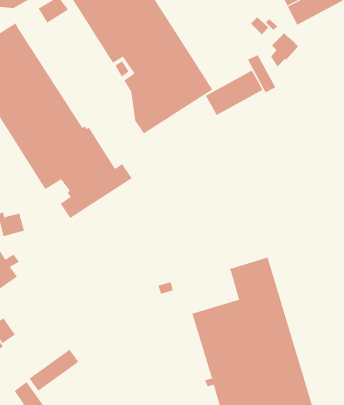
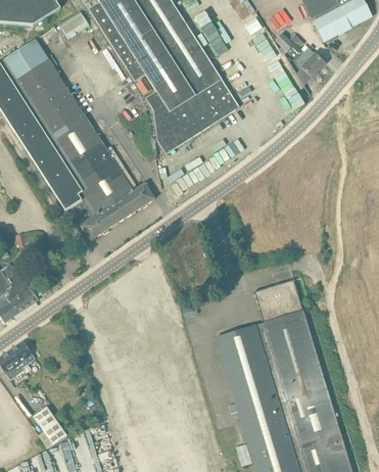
building: [205,70,263,116] -> none
building: [29,349,79,391] -> none

